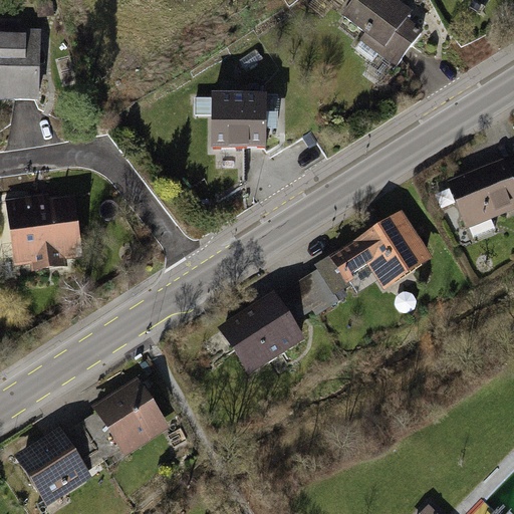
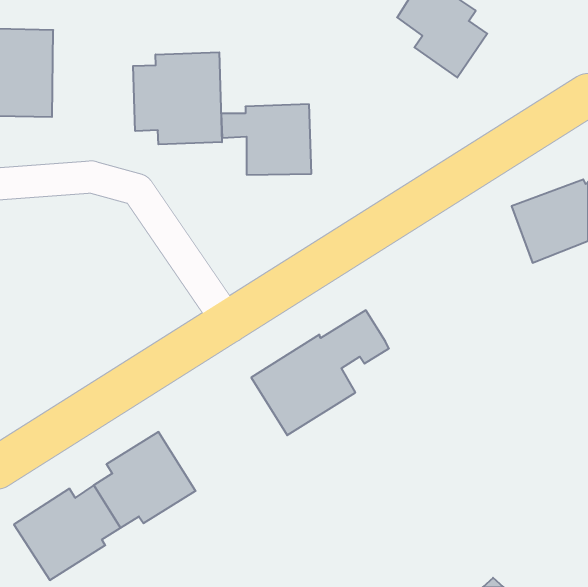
building: none -> [133,52,222,144]
building: [4,190,82,271] -> none
building: [315,211,434,296] -> none

